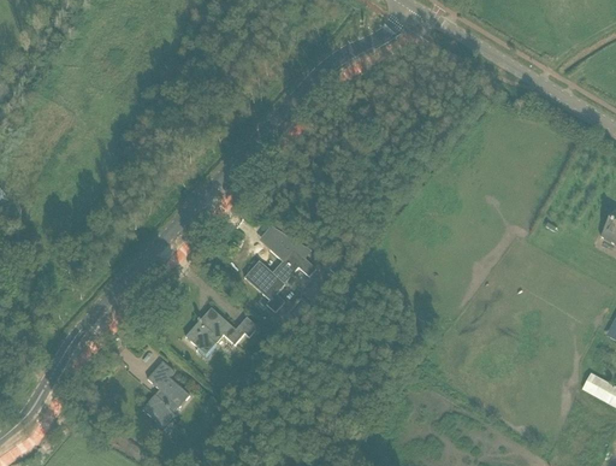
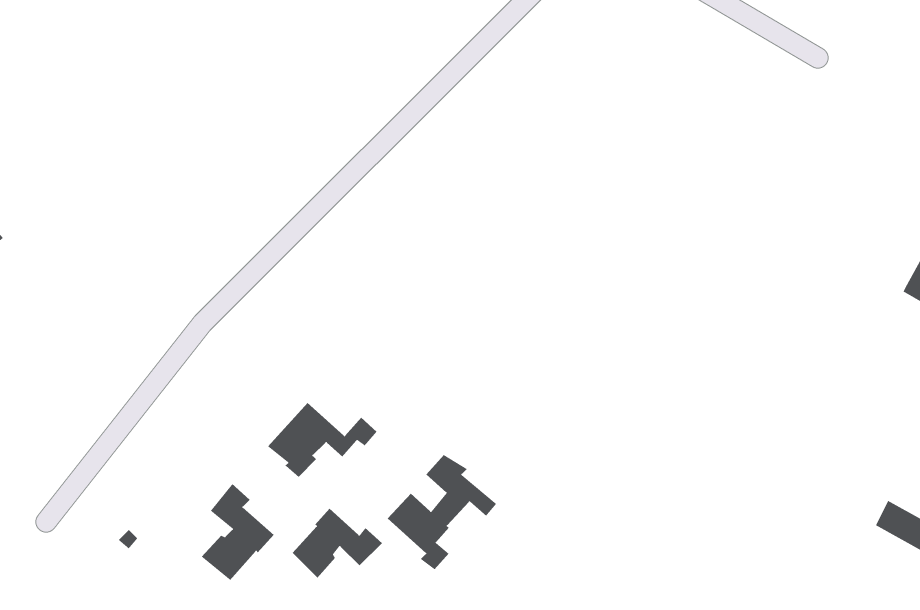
building: [244,235,316,311] -> [387,454,497,570]
building: none -> [292,508,383,578]

